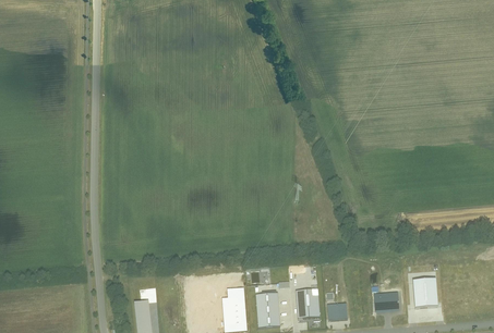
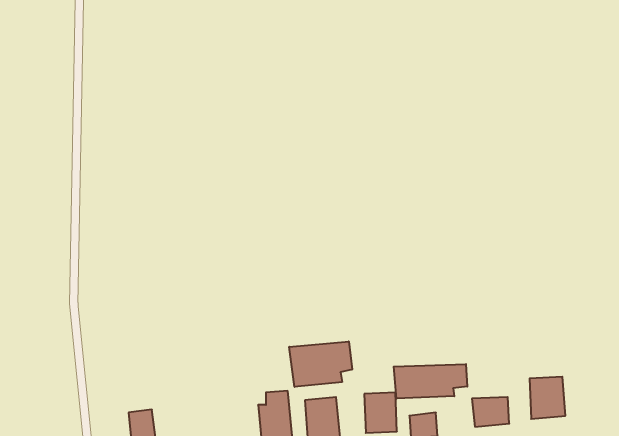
building: none -> [289,341,352,387]
building: none -> [394,364,467,399]

